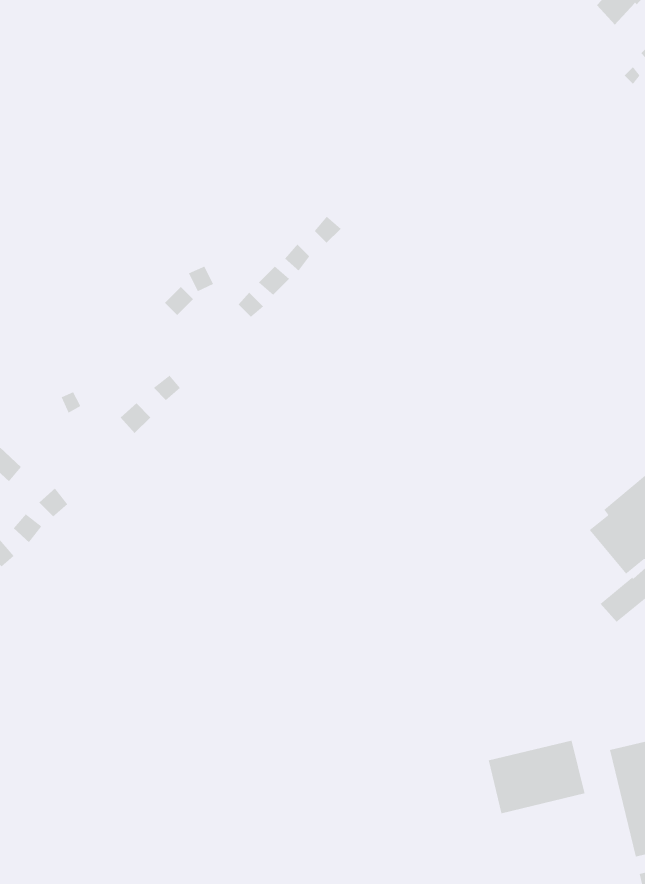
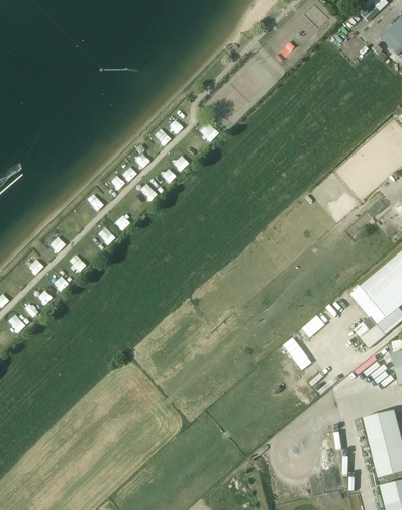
building: [488,740,585,814] -> none

